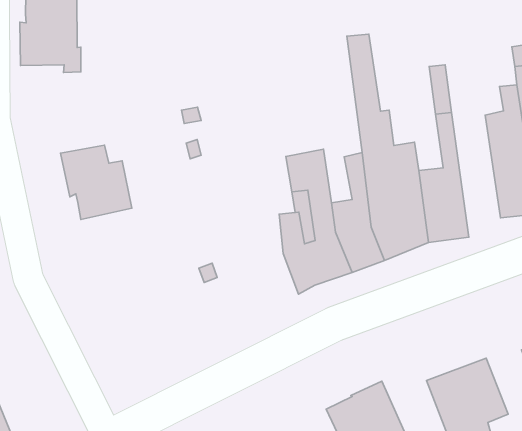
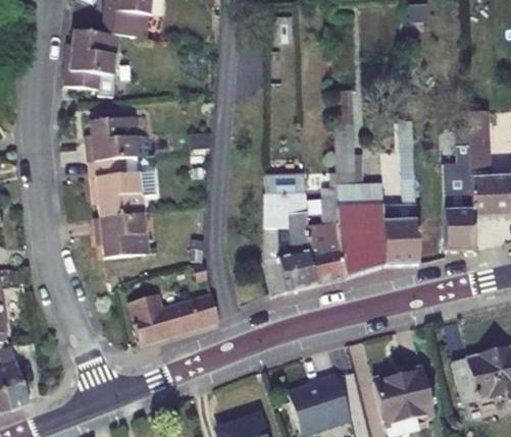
building: none -> [88,116,138,161]
building: none -> [96,212,149,257]
building: none -> [130,292,220,342]

